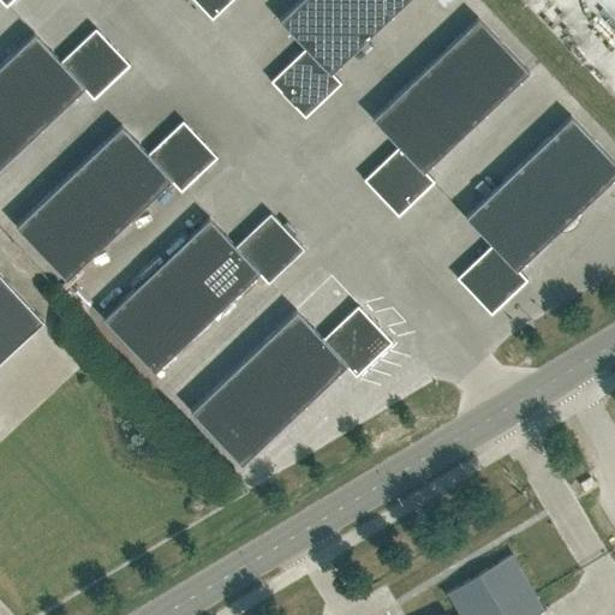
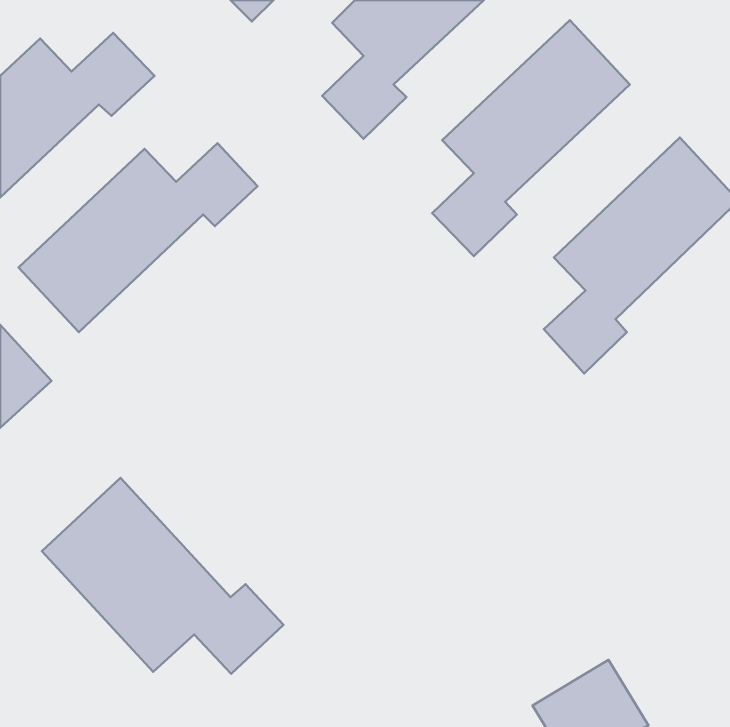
building: [103,215,305,375] -> none
building: [191,308,393,467] -> none
building: none -> [42,478,283,674]

